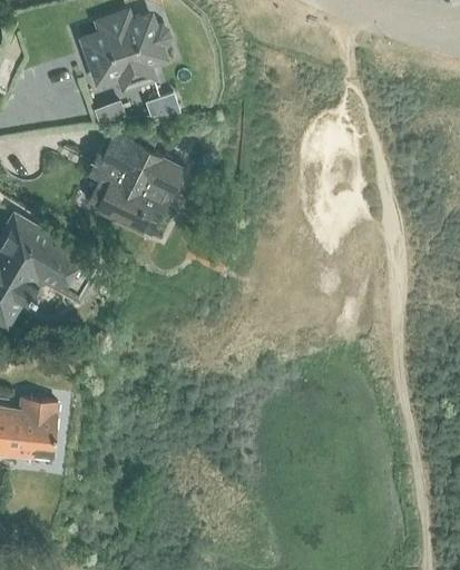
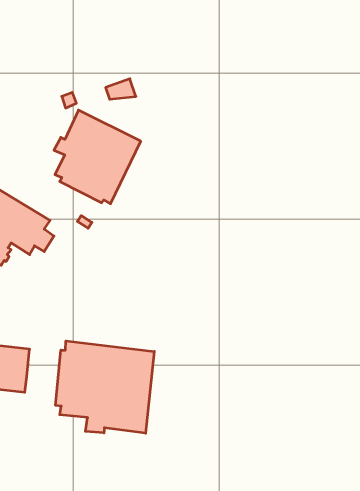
building: [81,13,167,88] -> none
building: none -> [56,341,154,433]

